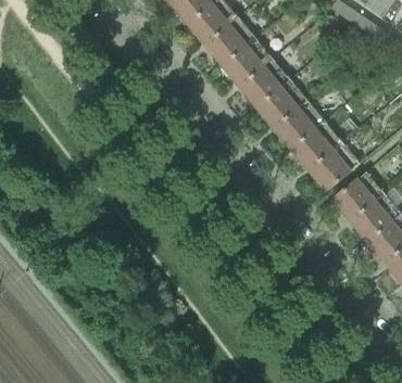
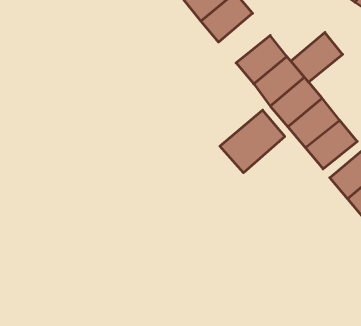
building: [222,38,273,87] -> [291,32,343,82]
building: none -> [220,110,285,173]

